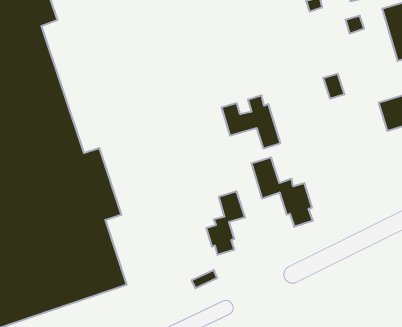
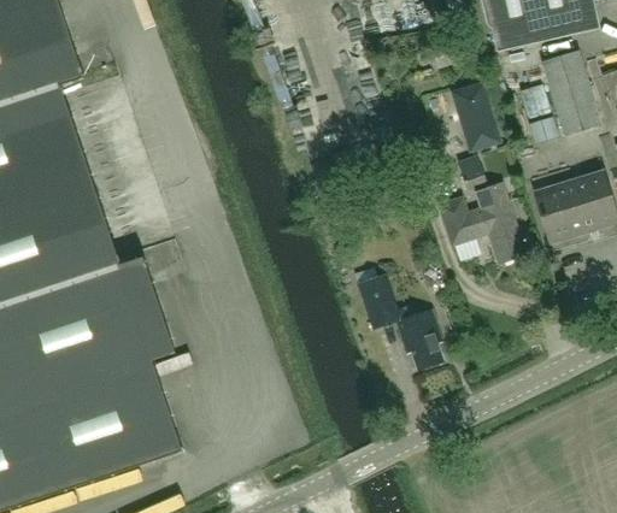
building: none -> [449,81,501,153]
building: [221,95,280,148] -> [440,188,523,263]
building: [206,191,245,255] -> none

